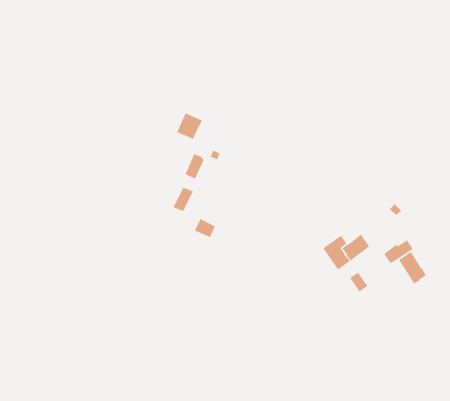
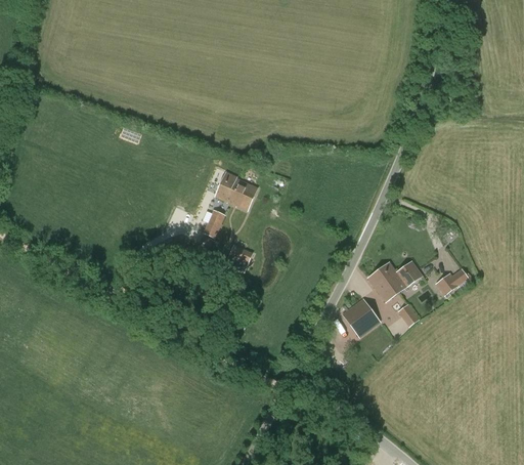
building: [176,112,203,140] -> [227,179,257,210]
building: [398,251,427,284] -> none
building: none -> [343,299,380,337]

